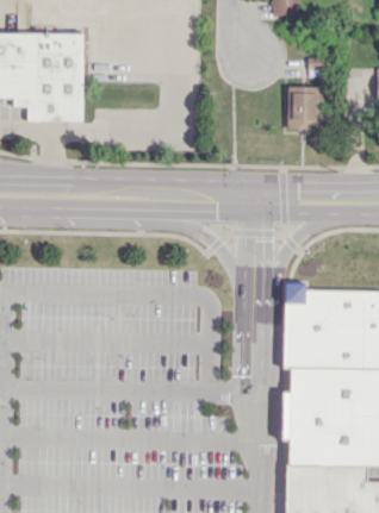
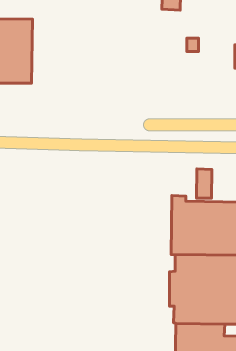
building: [287,83,323,130] -> none
building: none -> [196,169,212,198]

